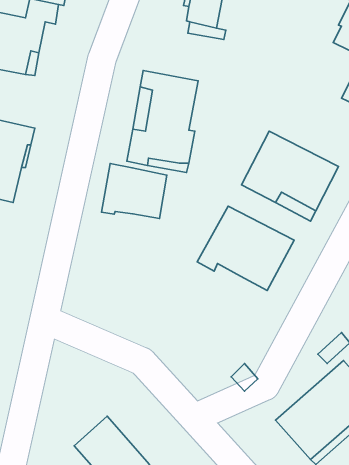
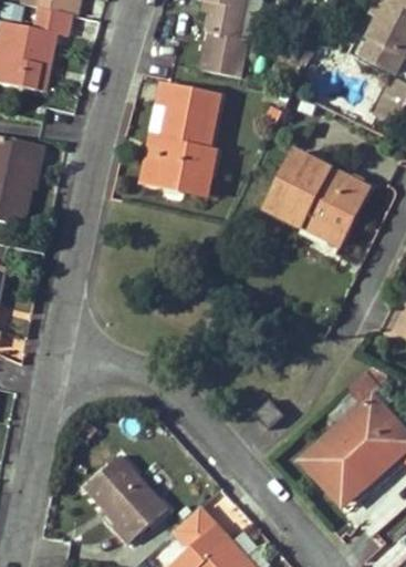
building: none -> [202,44,247,76]
building: [102,164,167,218] -> none
building: [197,206,294,290] -> none

